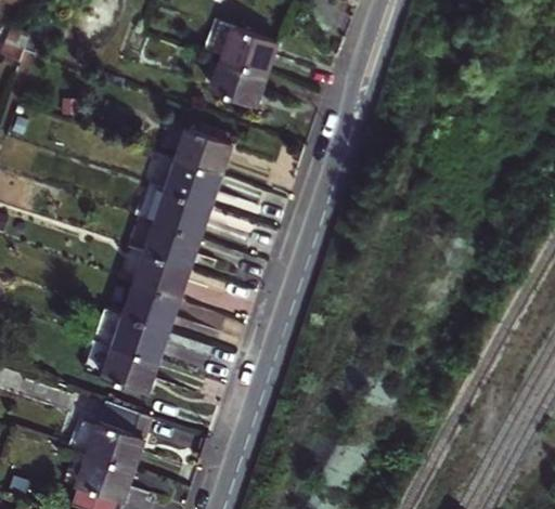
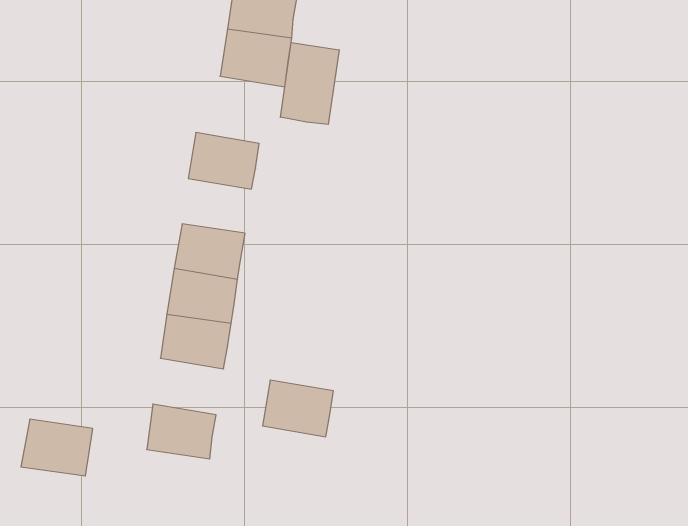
building: none -> [280,43,339,124]
building: [166,160,219,206] -> none
building: [124,284,178,330] -> [263,380,333,437]
building: [102,347,157,393] -> [21,419,93,476]

